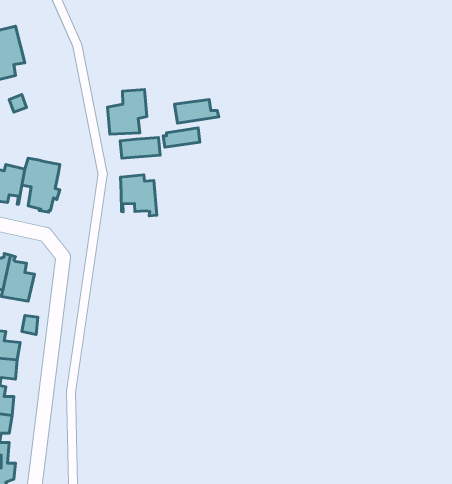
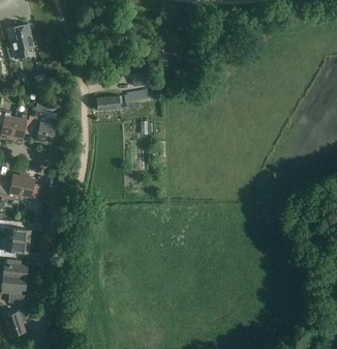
building: [108,89,147,134] -> none
building: [120,175,157,216] -> none

